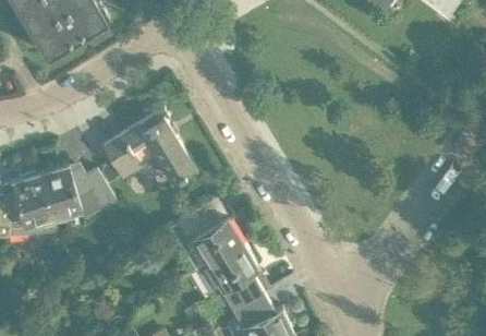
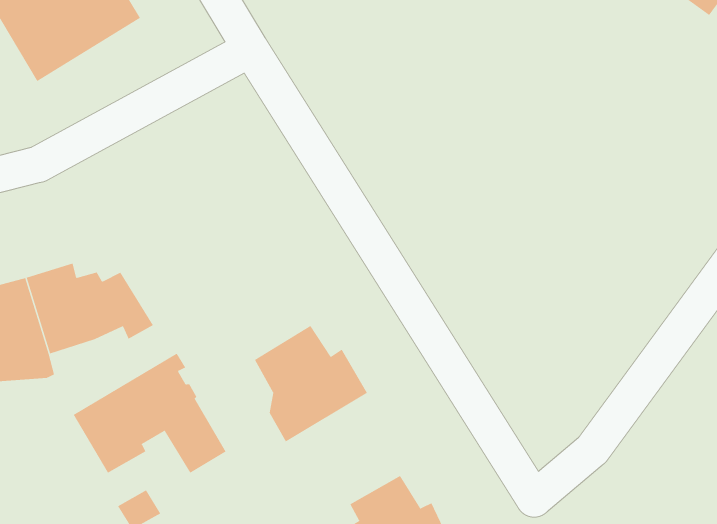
building: [101,110,193,182] -> [73,353,226,474]
building: [194,243,263,310] -> none

